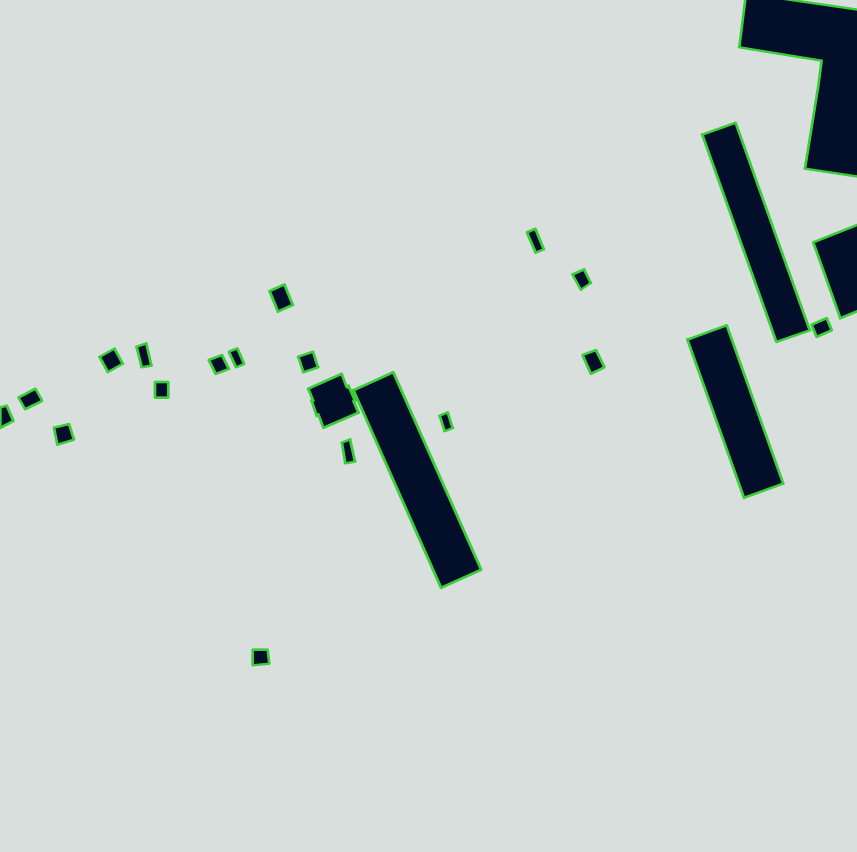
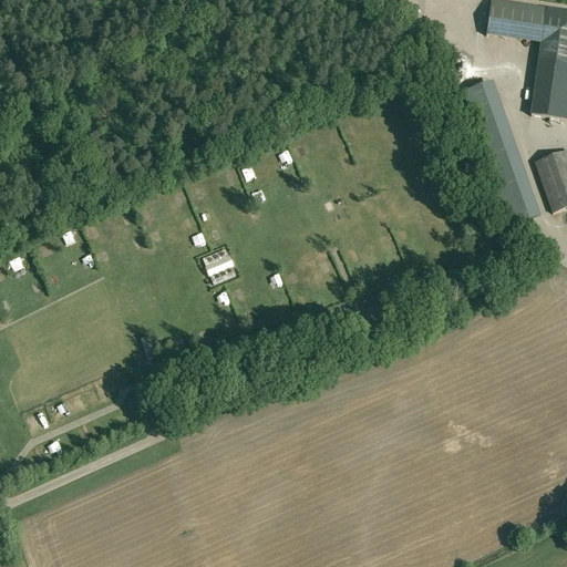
building: [687,325,783,498] -> none
building: [353,372,481,588] -> none

